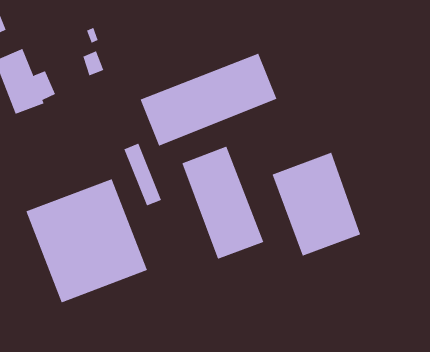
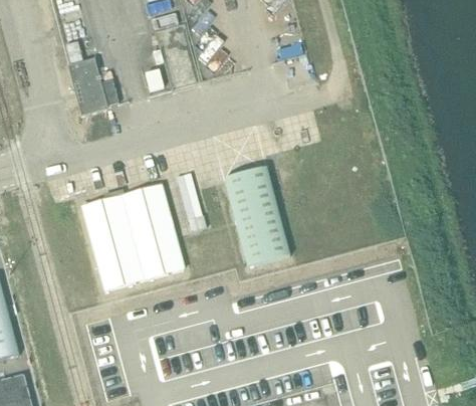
building: [140,53,277,147] -> none
building: [272,152,361,256] -> none

